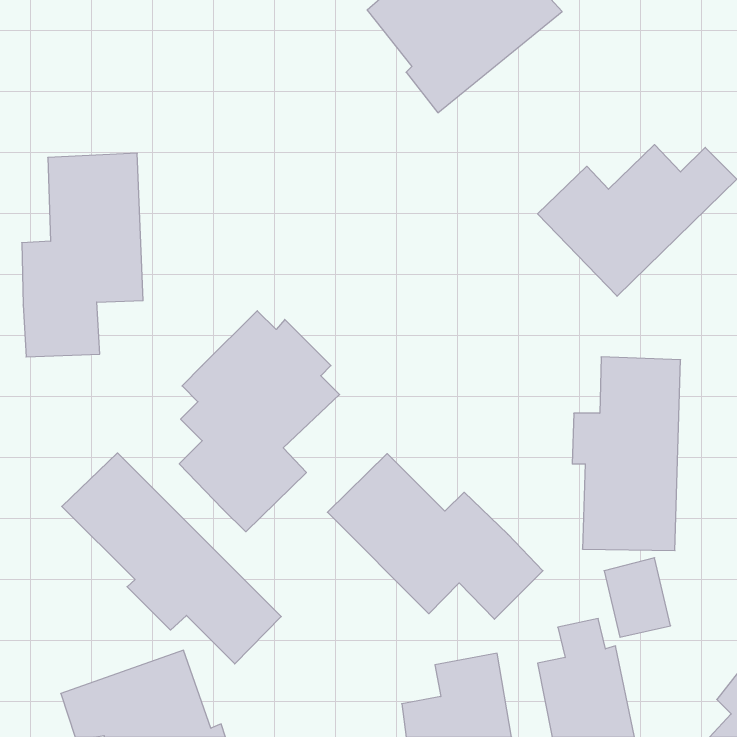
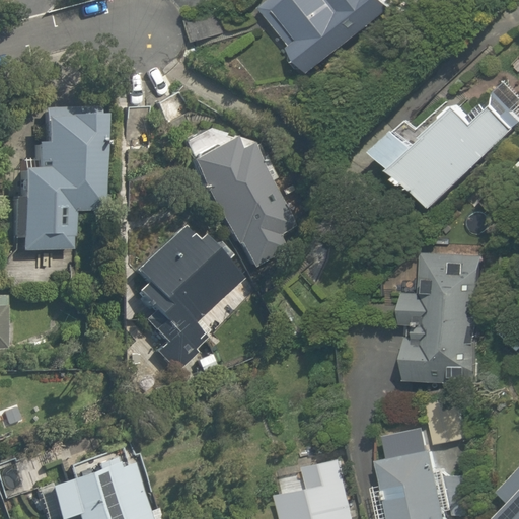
building: none -> [174,116,296,264]
building: [62,453,281,664] -> none
building: [327,454,543,619] -> none

